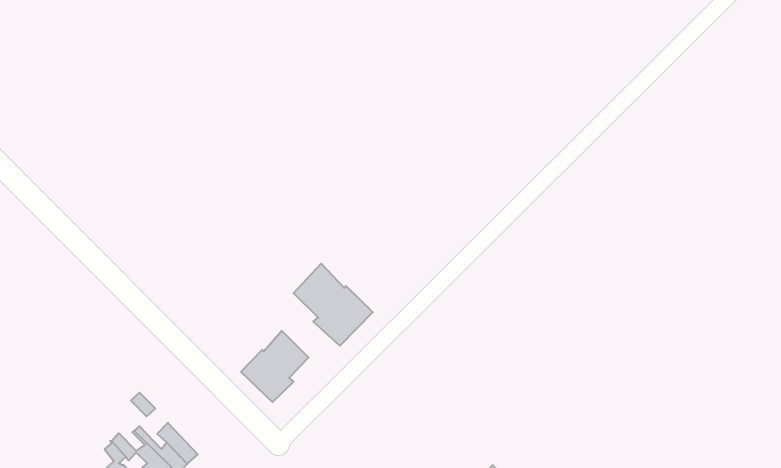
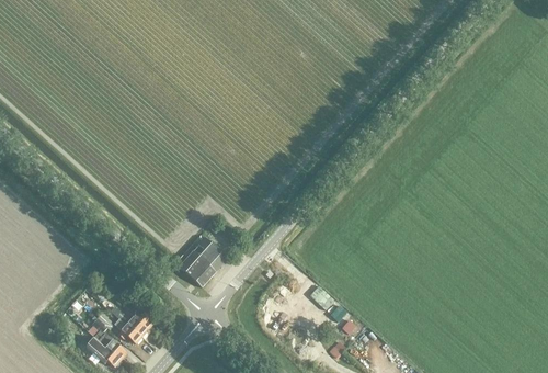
building: [293,264,373,346] -> none

